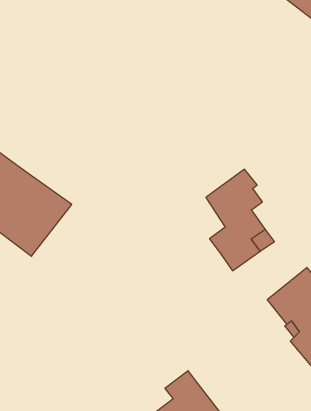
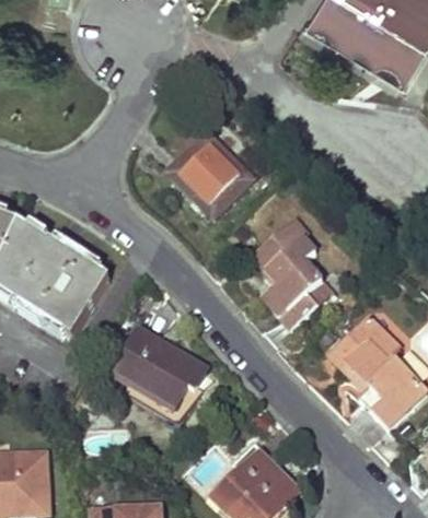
building: none -> [170,133,252,215]
building: none -> [115,331,206,409]

